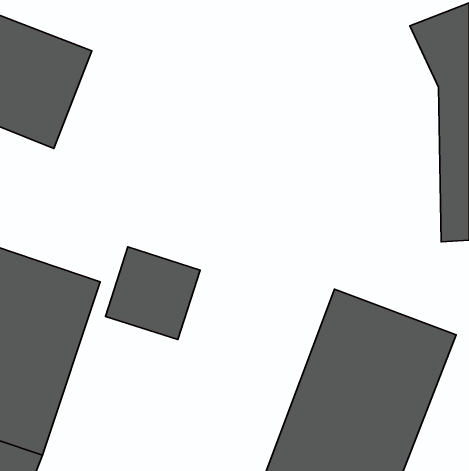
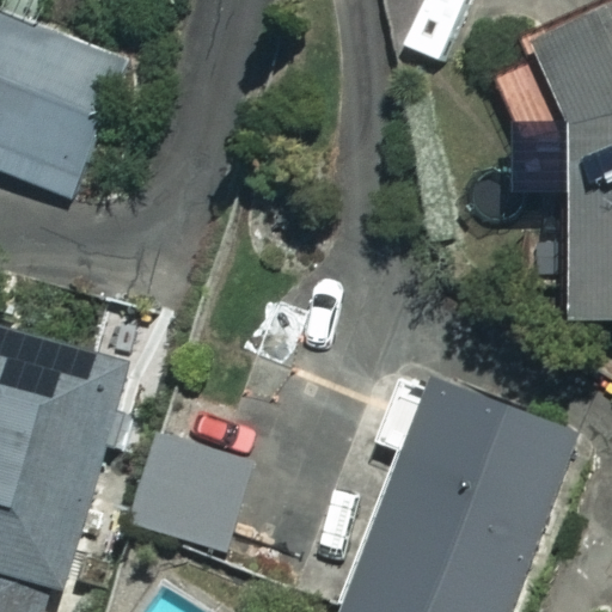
building: [106,247,200,340] -> [130,432,252,551]

